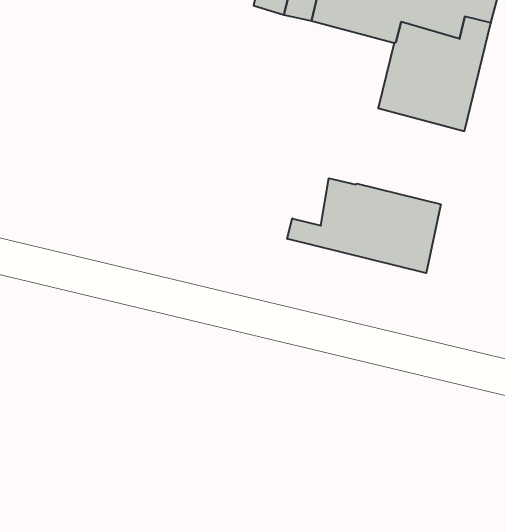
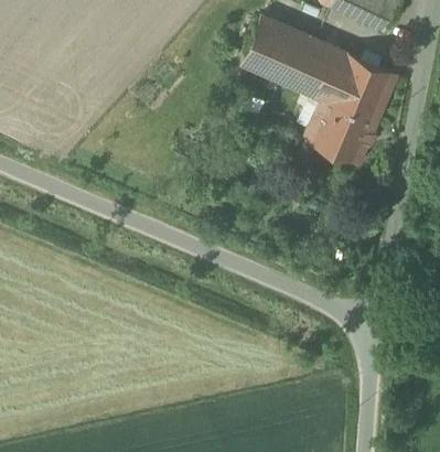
building: [287,178,441,273] -> none

